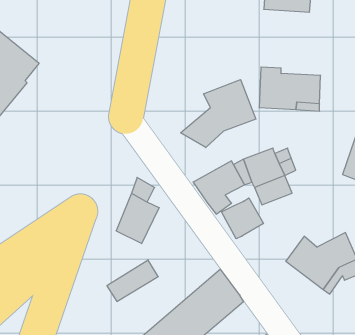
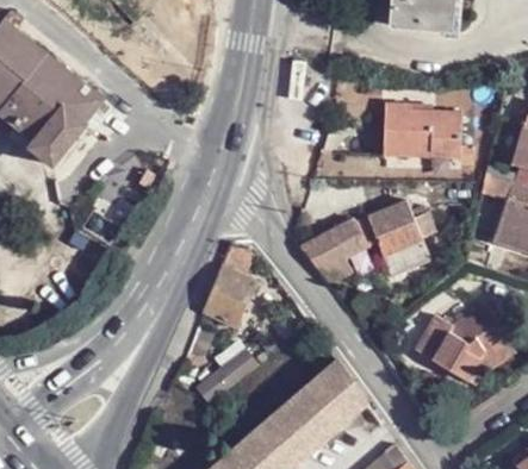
building: [181,80,256,148] -> none
building: [222,198,263,239] -> none

